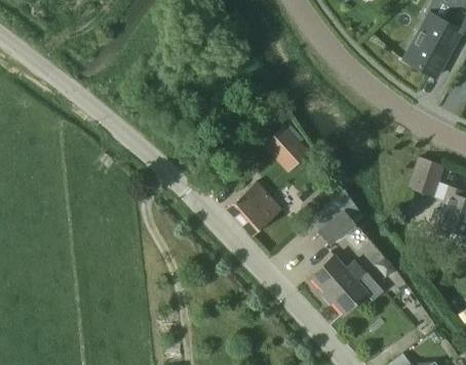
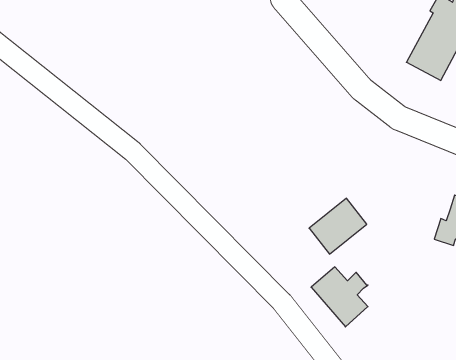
building: [261,124,308,172] -> none
building: [407,157,443,197] -> none
building: [227,182,281,236] -> none

